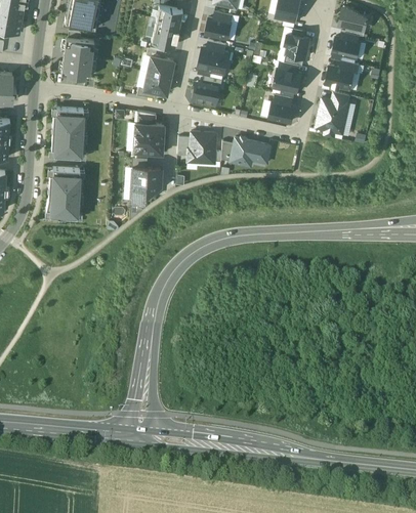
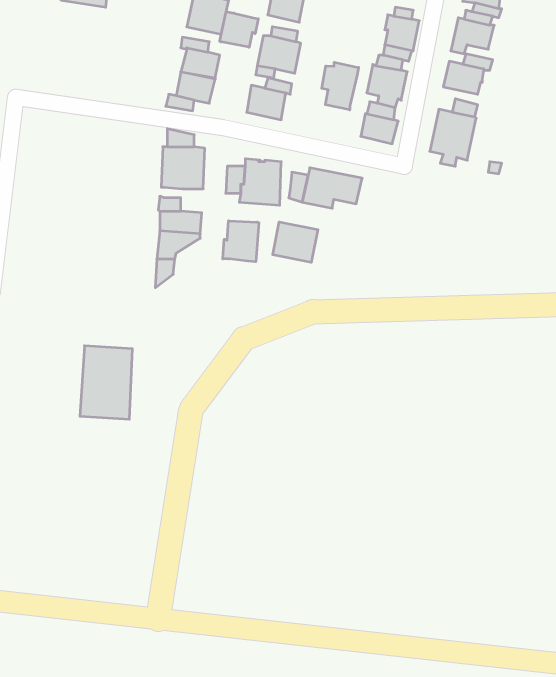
building: none -> [220,11,258,47]
building: [63,38,94,78] -> none
building: none -> [322,62,359,110]
building: [51,109,86,160] -> none
building: [47,169,83,219] -> [80,346,132,419]
building: none -> [223,221,259,262]
building: none -> [273,222,318,262]

